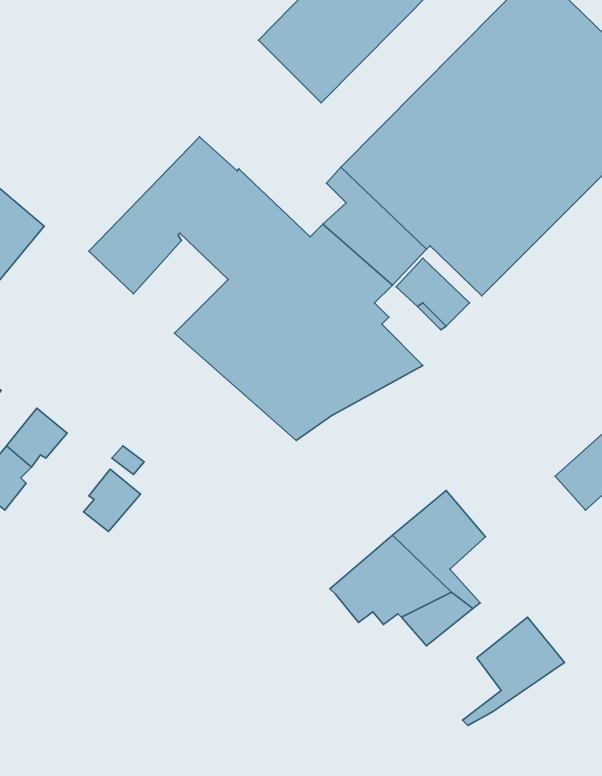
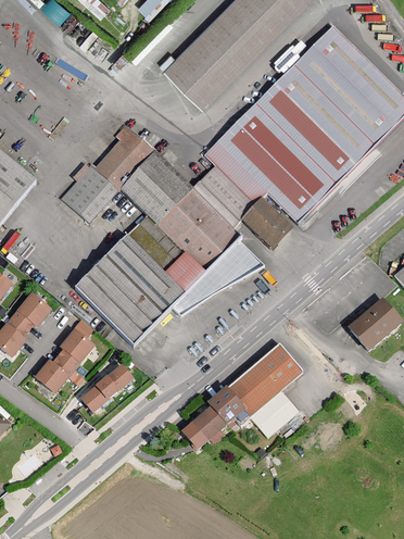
building: none -> [74,247,188,348]
building: none -> [37,355,74,391]
building: none -> [81,363,130,409]
building: none -> [192,405,226,440]
building: [463,617,565,726] -> none

